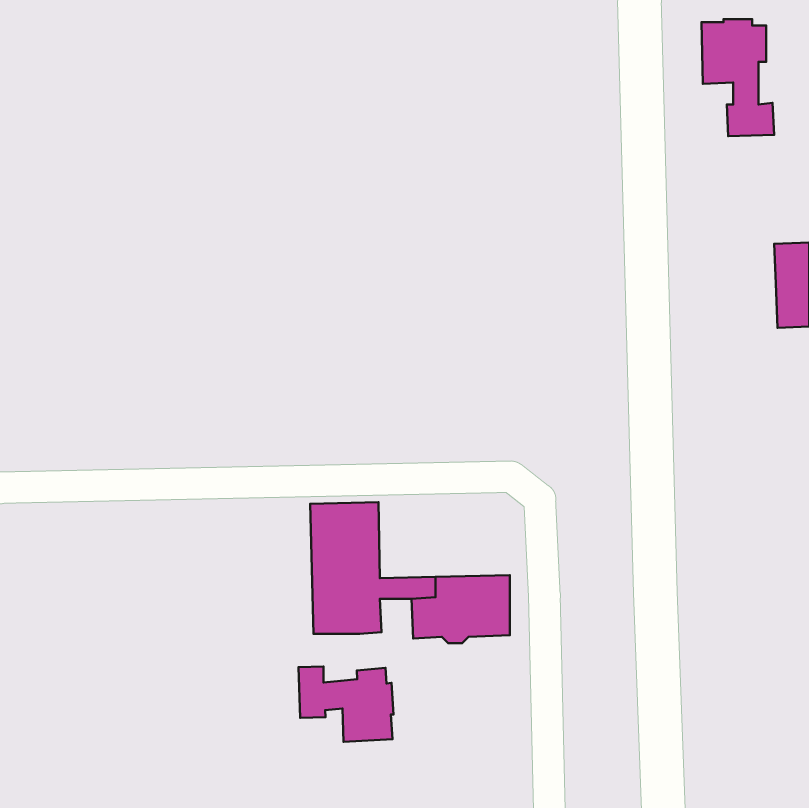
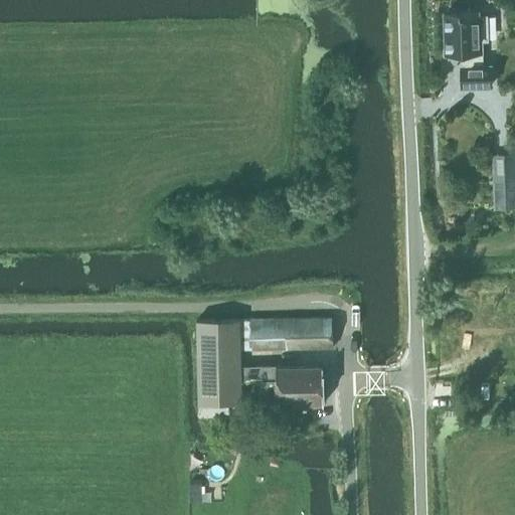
building: none -> [242,318,334,350]
building: [298,667,393,742] -> none

